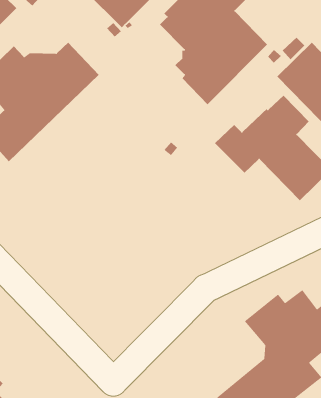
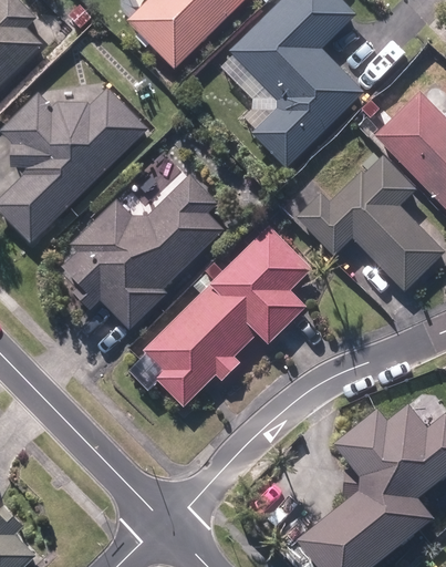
building: none -> [62,174,222,330]
building: none -> [142,226,312,408]

